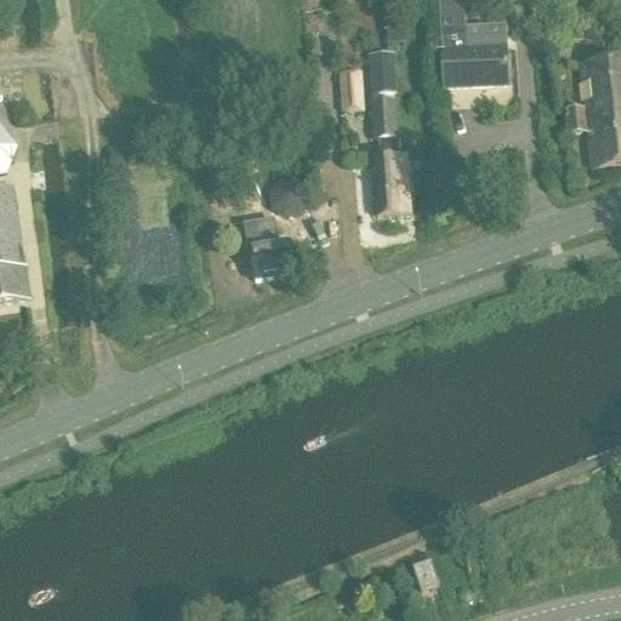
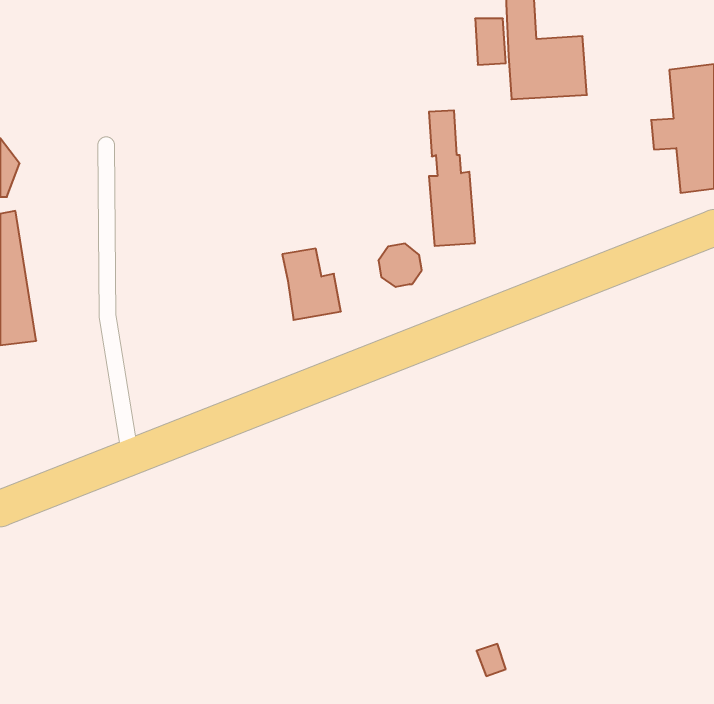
building: [370,50,397,90] -> [475,19,506,65]
building: [341,68,364,109] -> none
building: [272,176,309,213] -> [378,244,422,287]

